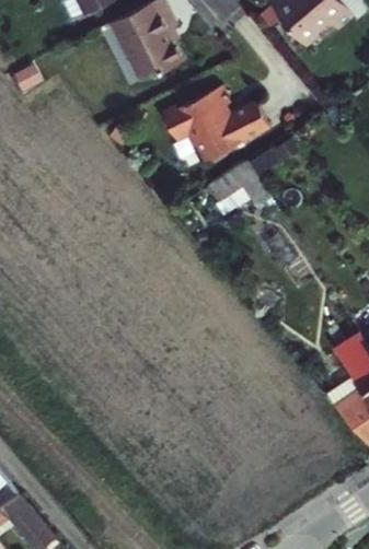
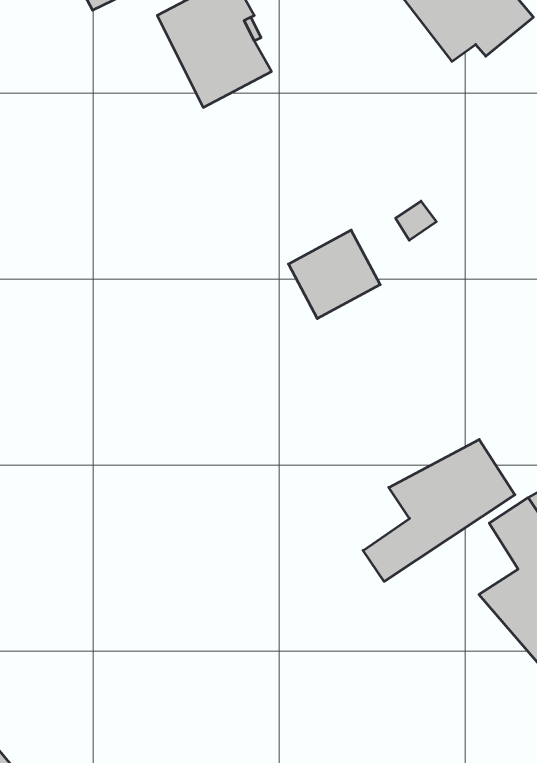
building: [164,90,268,162] -> none
building: none -> [363,439,515,581]

